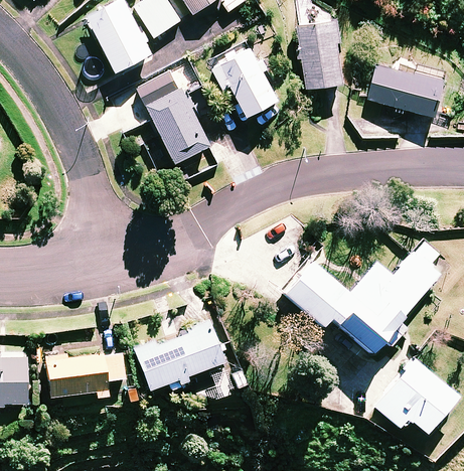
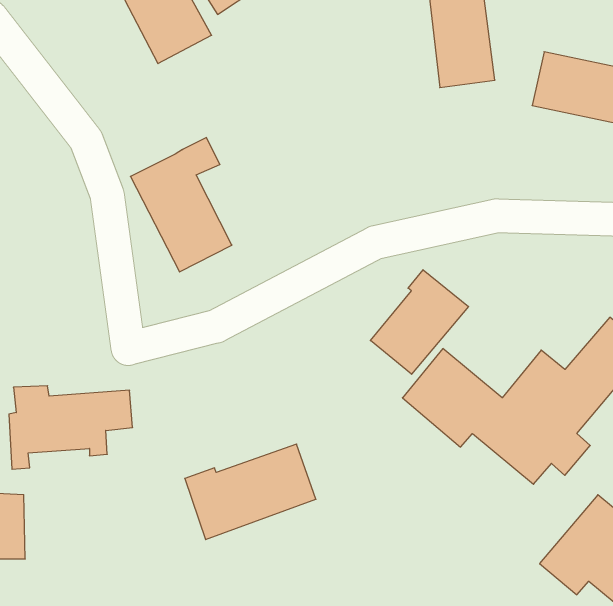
building: [210,44,279,116] -> none
building: [143,68,211,159] -> [130,138,232,272]
building: none -> [370,270,469,374]
building: [40,351,124,408] -> [9,386,133,469]

